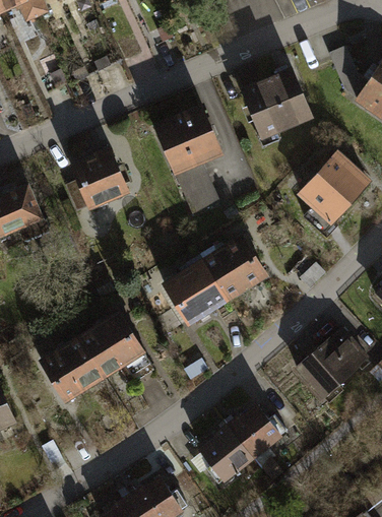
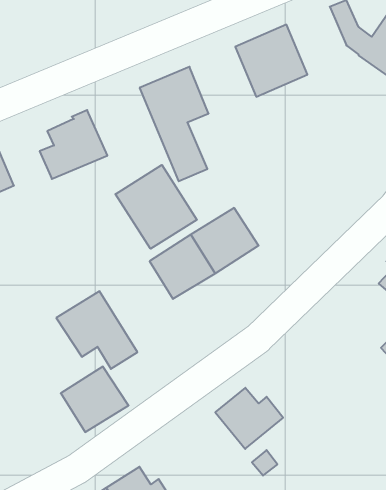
building: [301,151,369,235] -> none
building: none -> [115,165,197,249]
building: [294,330,372,407] -> none
building: [42,336,104,396] -> [61,367,129,432]
building: [198,423,253,483] -> none

